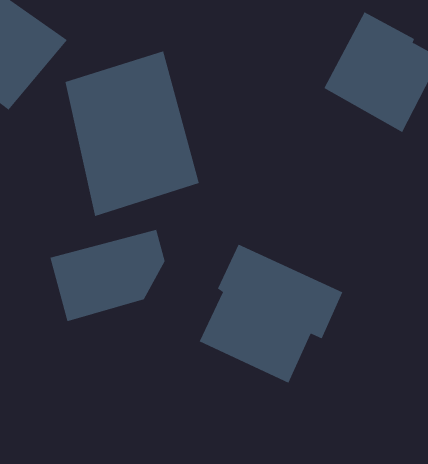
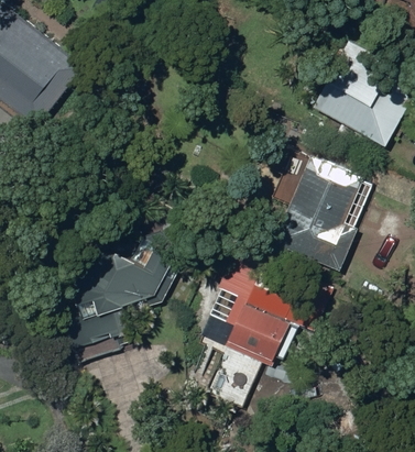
building: [65,51,199,217] -> none
building: none -> [283,157,364,264]

